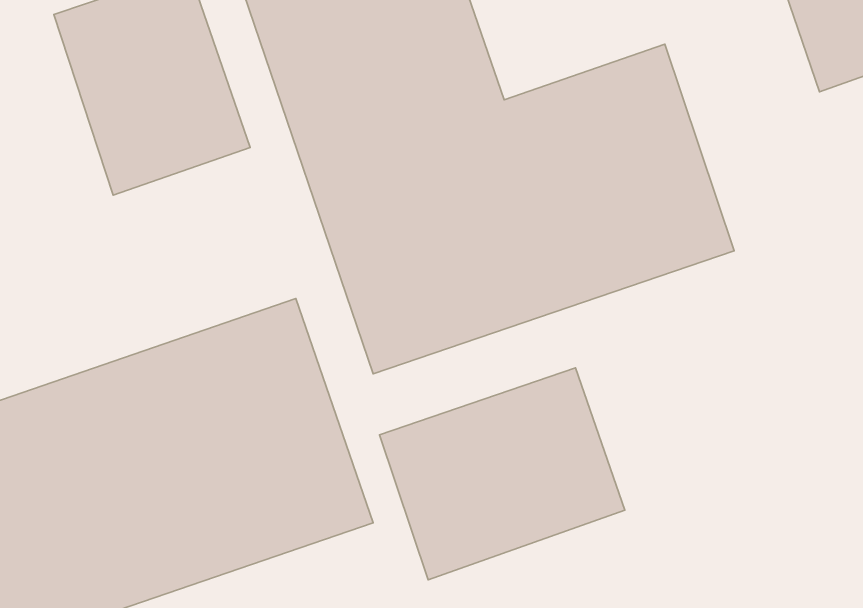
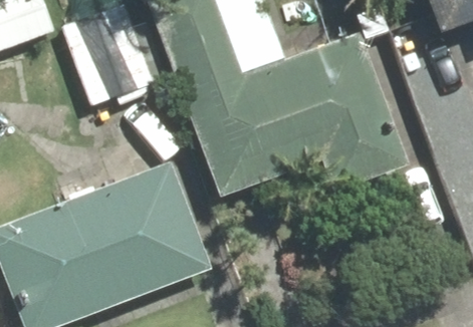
building: [379,368,625,580] -> none

